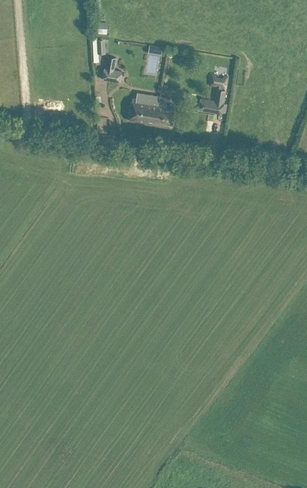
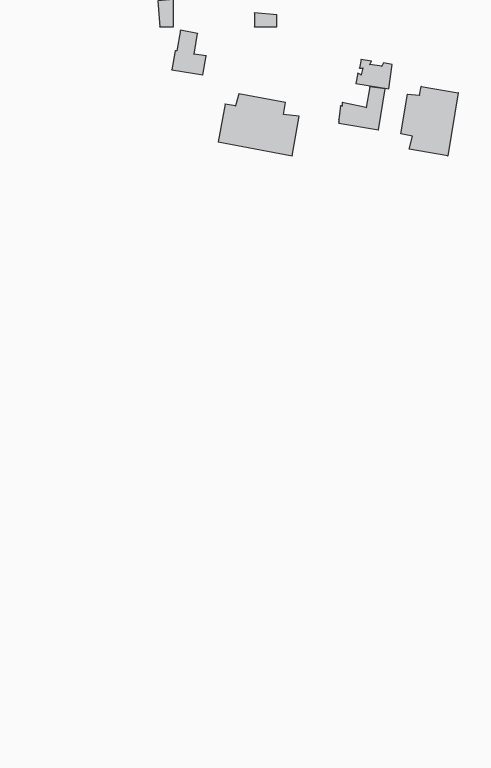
building: none -> [401,86,458,156]

